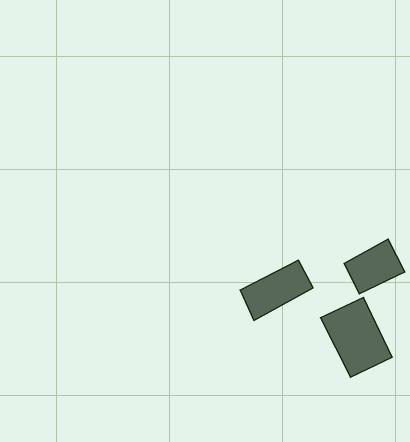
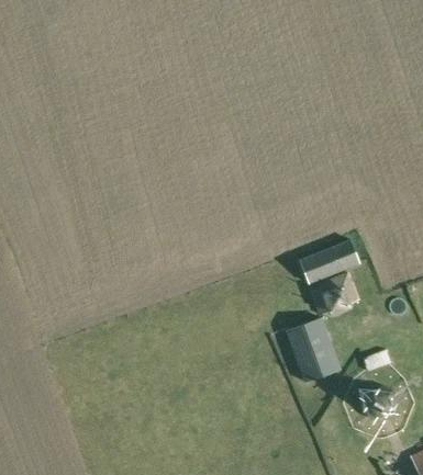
building: [240,260,313,321] -> [299,239,359,285]

